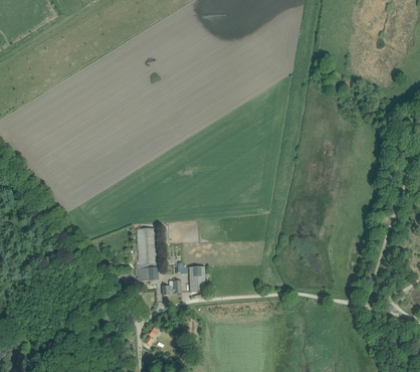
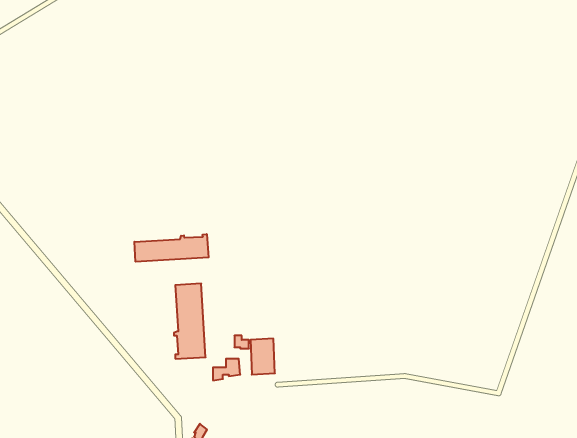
building: none -> [134,234,209,262]

